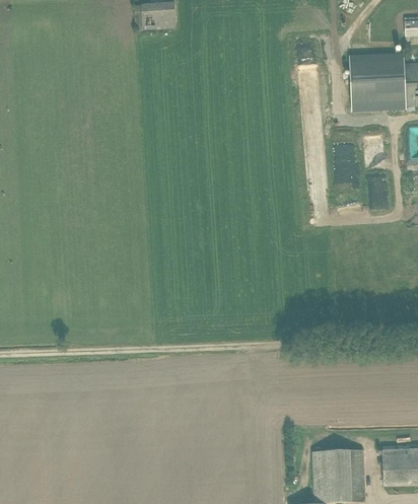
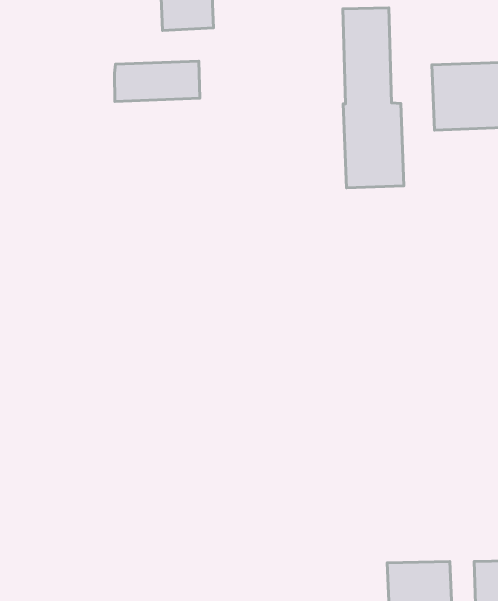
building: none -> [343,8,404,188]
building: none -> [115,61,200,102]

